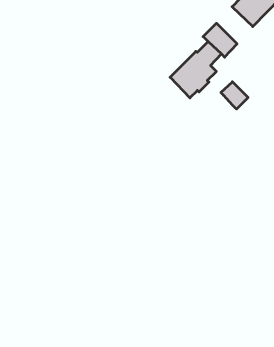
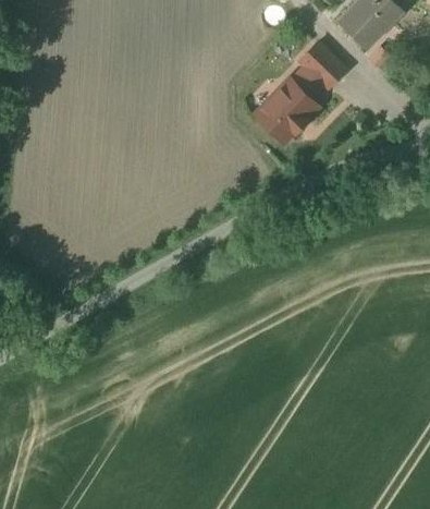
building: [221,82,248,109] -> none

